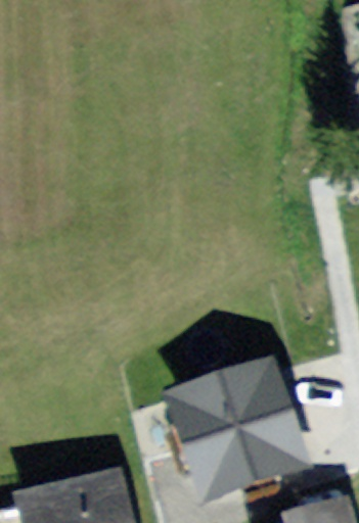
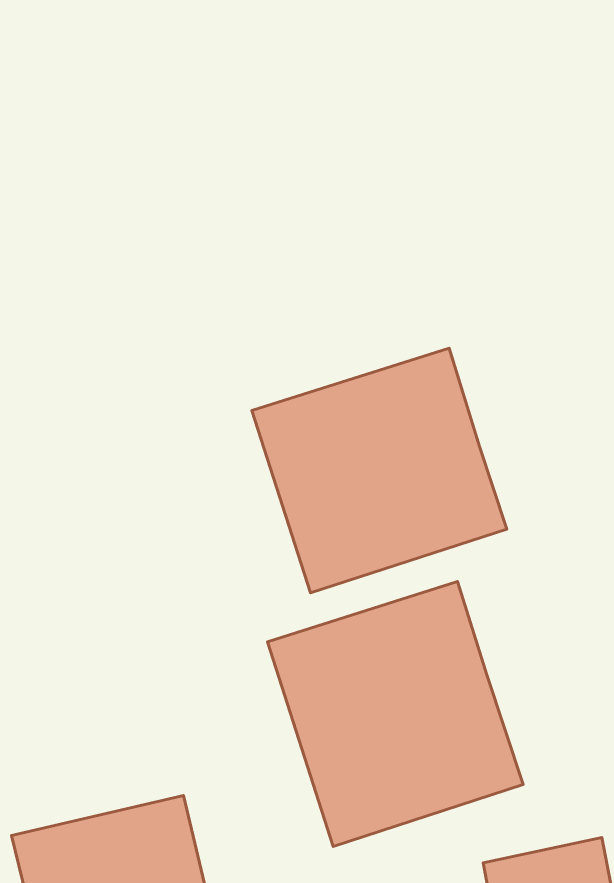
building: none -> [252,348,507,593]

